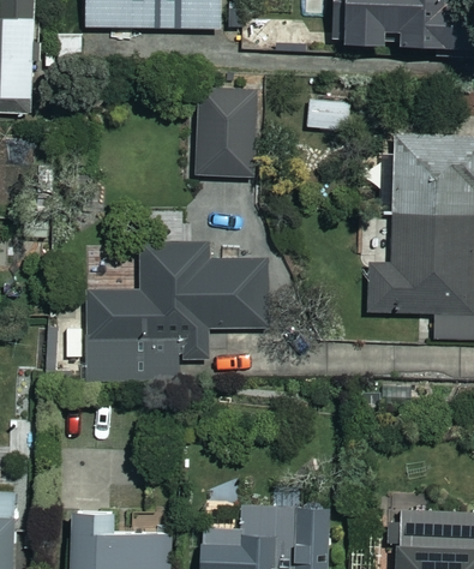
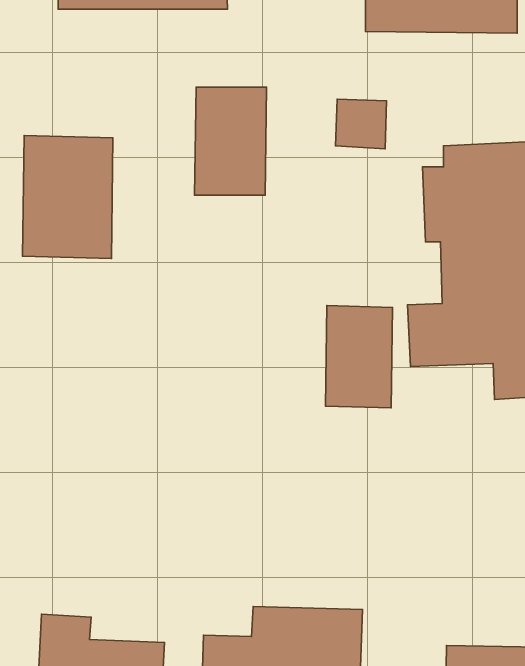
building: none -> [23,136,113,258]
building: [84,244,269,379] -> none
building: none -> [326,306,393,408]

